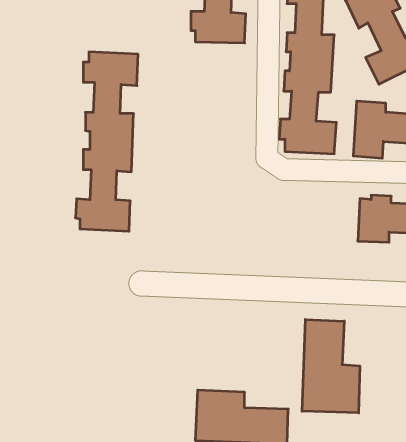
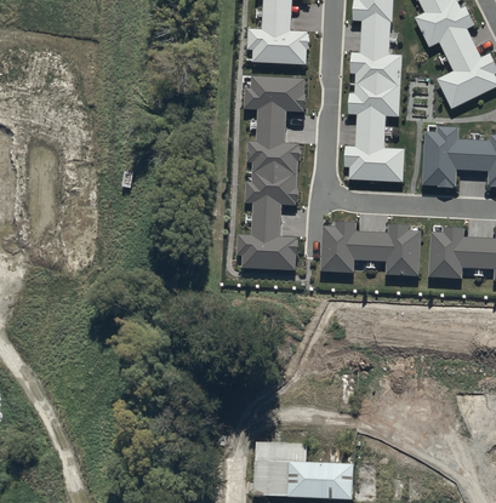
building: [75,52,138,231] -> [236,78,304,271]
building: none -> [320,222,422,276]
building: [302,319,360,413] -> none

